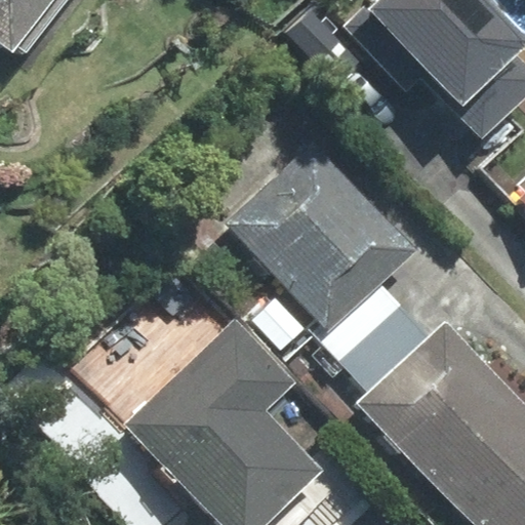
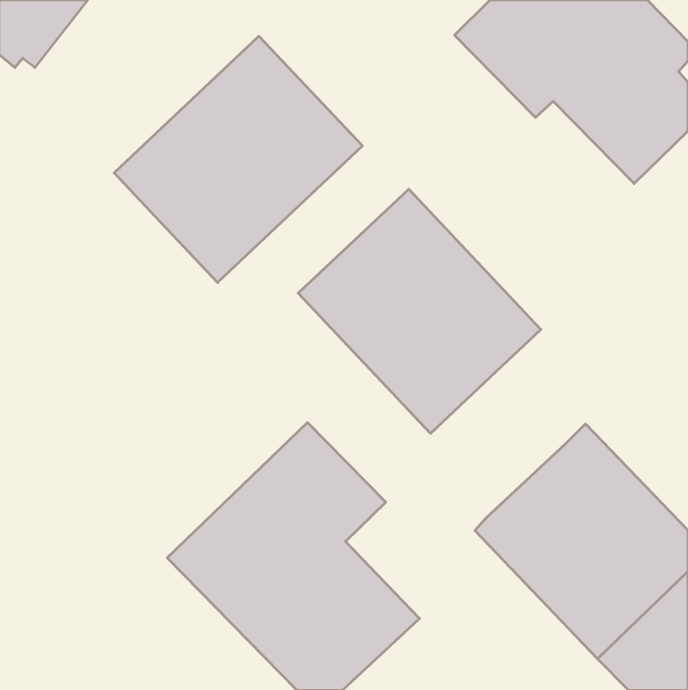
building: none -> [114,36,362,283]
building: [317,282,430,394] -> none

